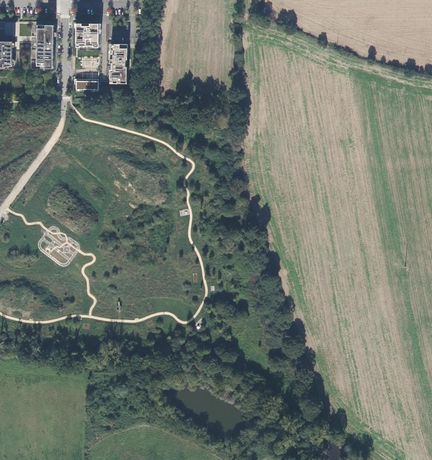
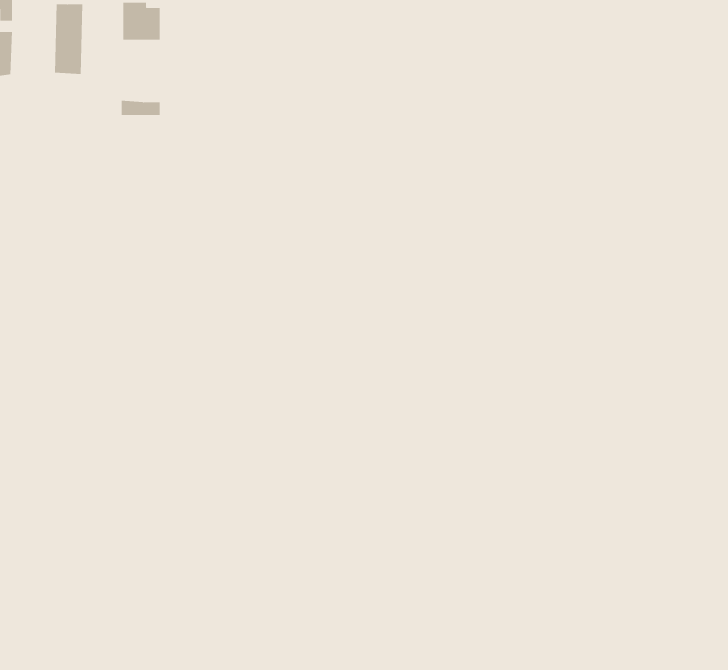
building: [108,44,126,82] -> none

